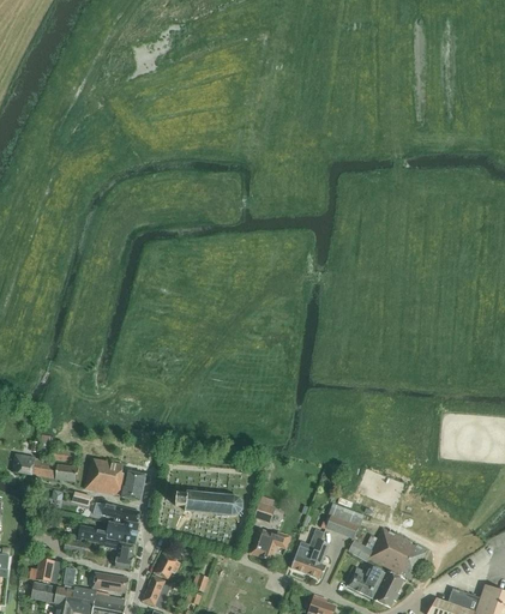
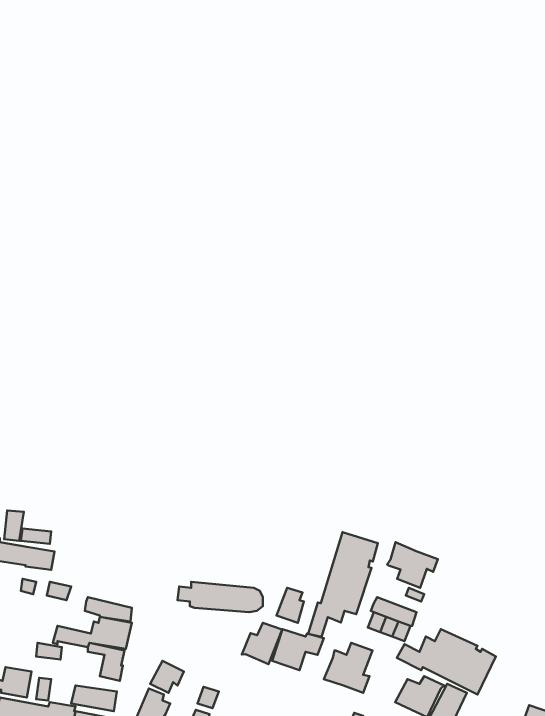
building: none -> [308,532,378,637]
building: [84,459,144,501] -> none
building: none -> [387,542,438,588]
building: none -> [242,623,282,664]

